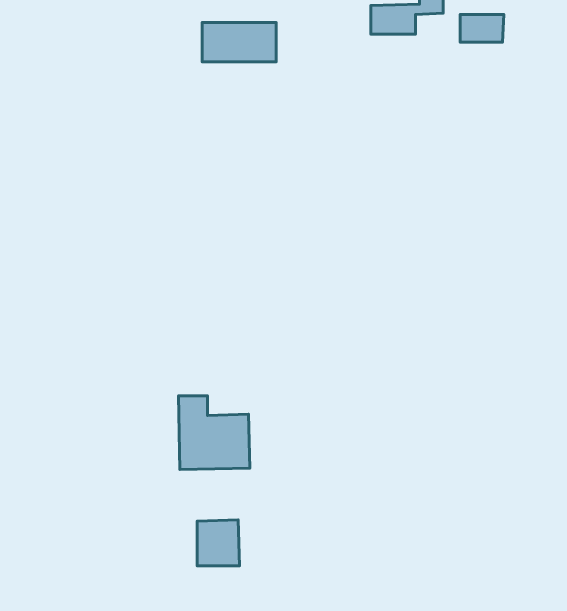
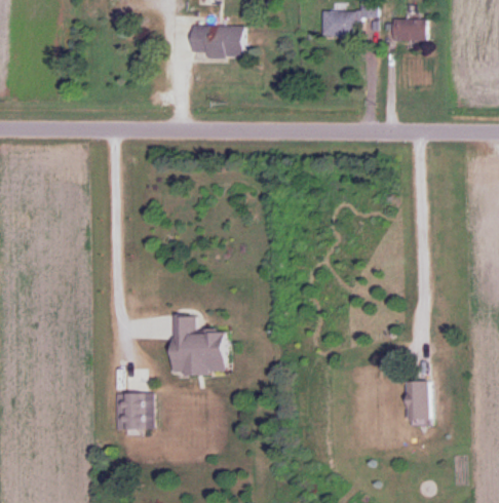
building: none -> [404,382,427,420]
building: [197,520,239,566] -> [120,393,153,429]

